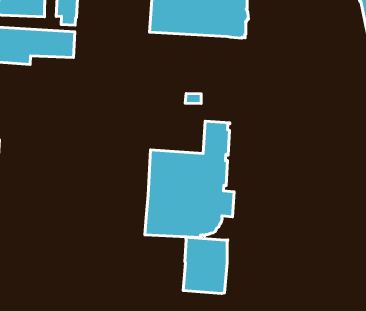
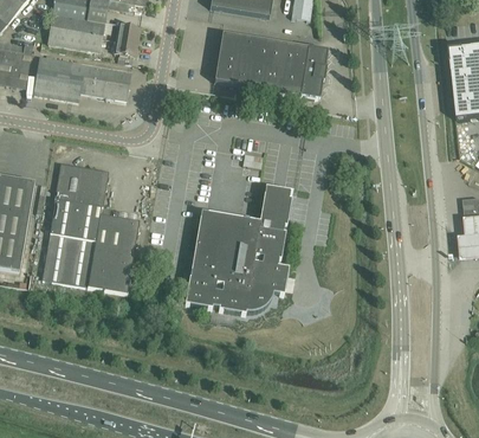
building: none -> [41,162,140,290]
building: [183,237,228,293] -> none

